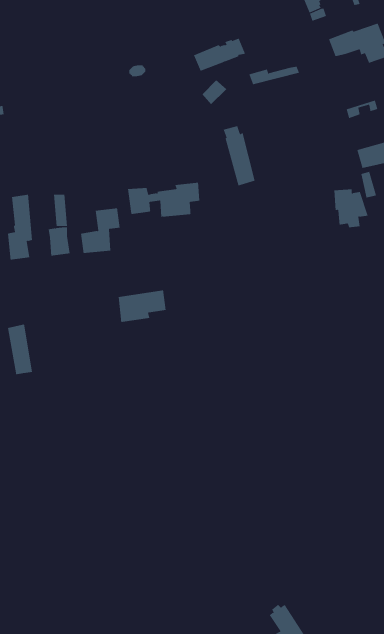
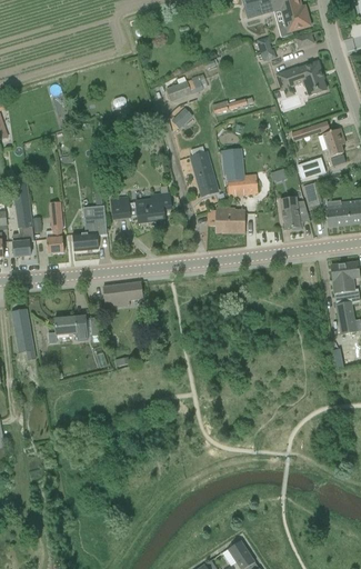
building: none -> [223,148,258,196]
building: none -> [209,208,245,232]
building: none -> [54,315,88,340]

